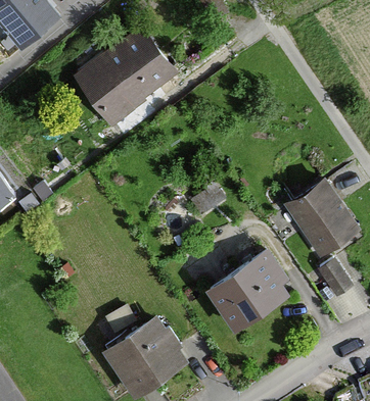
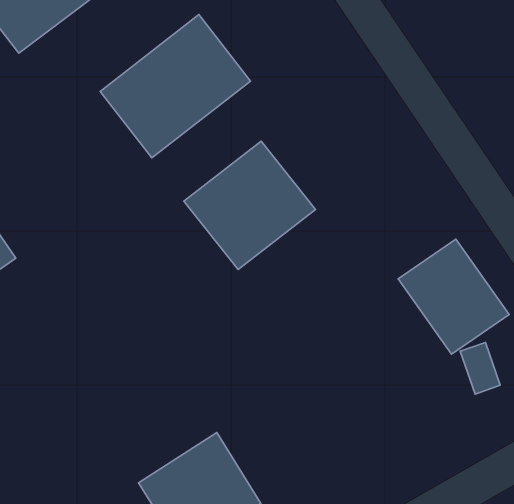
building: none -> [184,141,316,270]
building: [207,248,295,331] -> none

